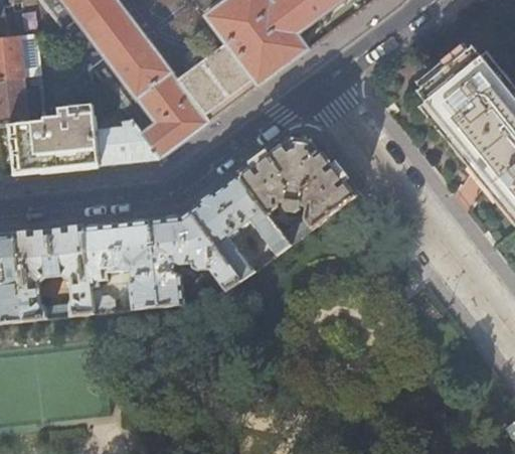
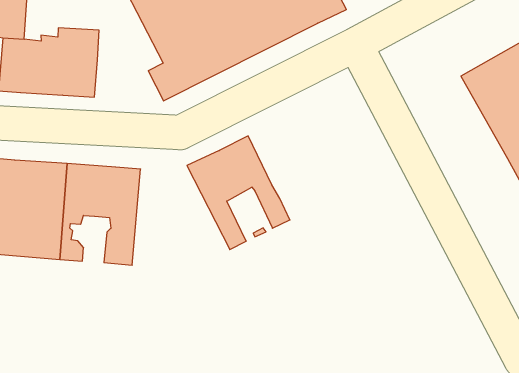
building: [95,126,159,164] -> none
building: [238,137,355,243] -> none
building: [149,210,239,306] -> none

